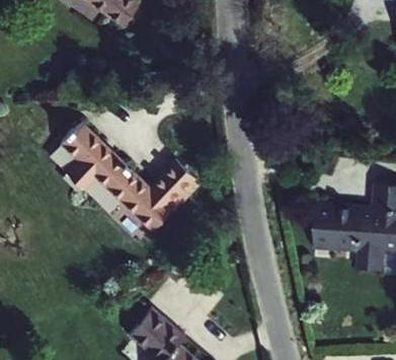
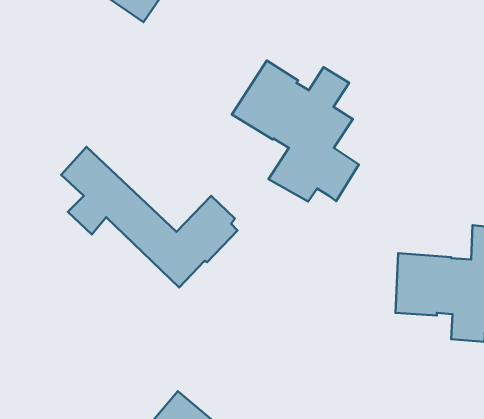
building: none -> [232,61,359,201]

